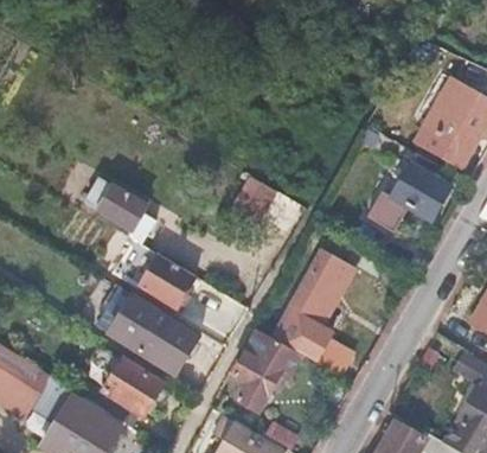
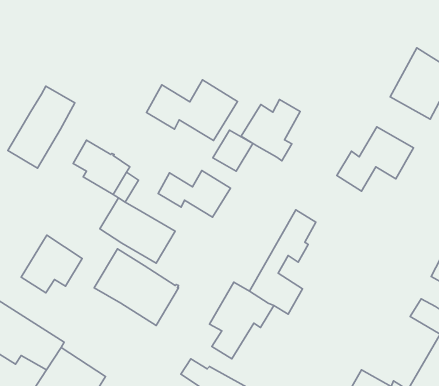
building: none -> [147,80,237,141]
building: none -> [8,86,75,168]
building: none -> [241,100,300,161]
building: none -> [158,170,230,217]
building: [97,362,162,423] -> [21,235,82,293]

